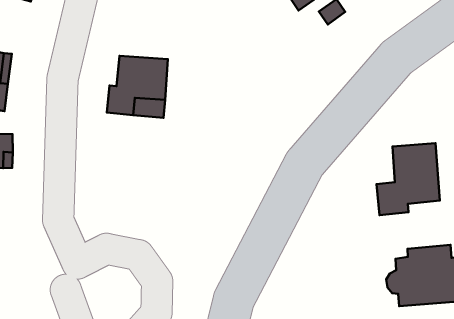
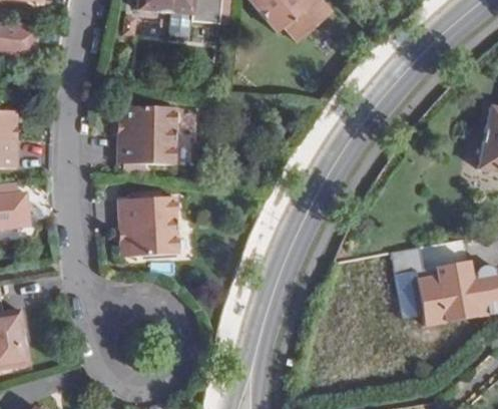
building: [377,143,440,215] -> none
building: none -> [117,200,173,259]

